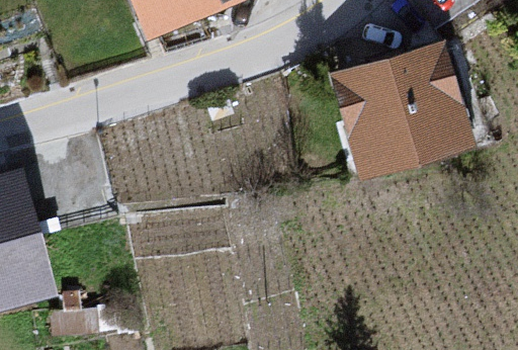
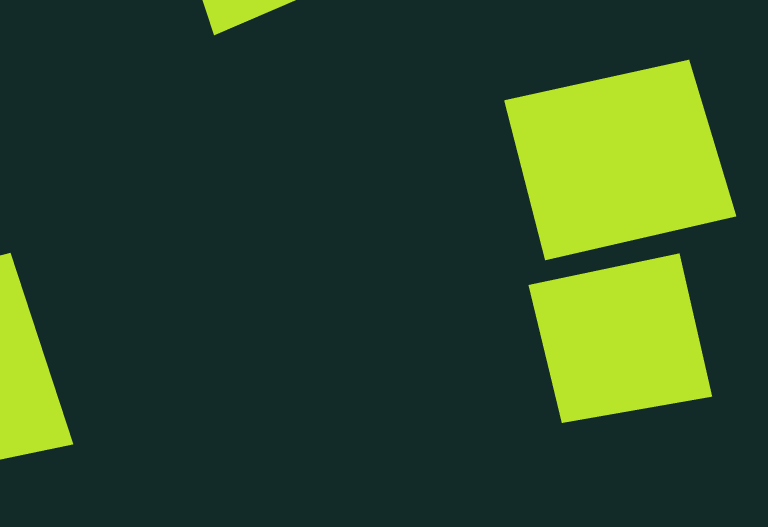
building: none -> [528,253,713,424]

